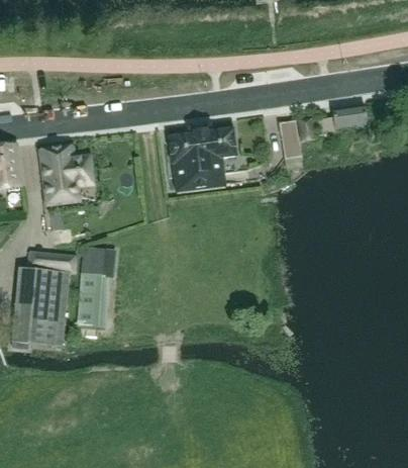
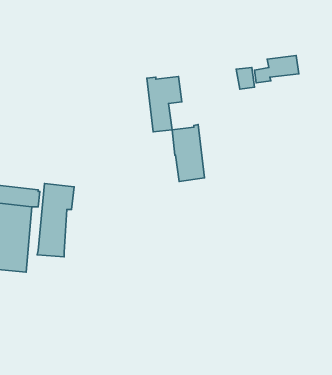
building: [279,121,301,159] -> none
building: [168,130,204,194] -> [172,124,205,182]
building: [41,148,90,203] -> none

